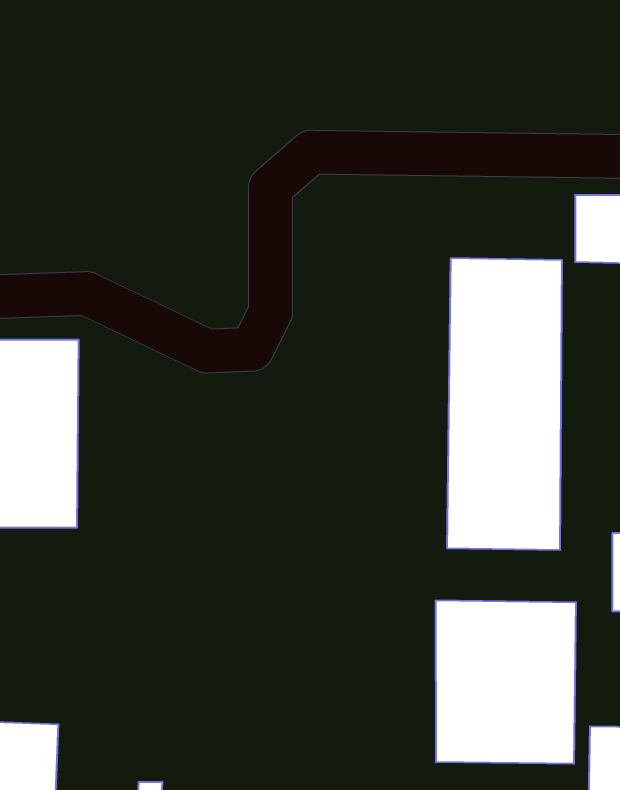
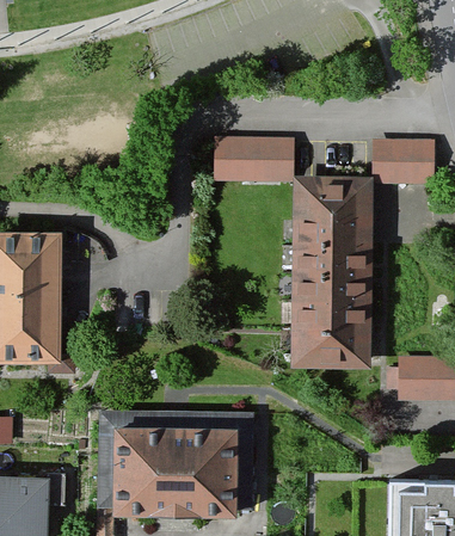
building: none -> [219,141,295,189]
building: [436,600,576,764] -> none
building: none -> [111,421,236,513]

